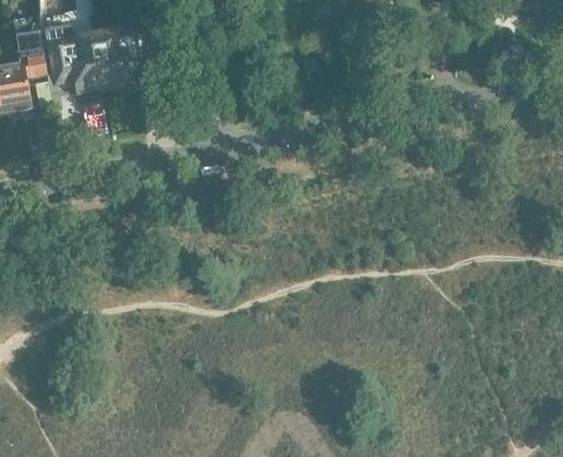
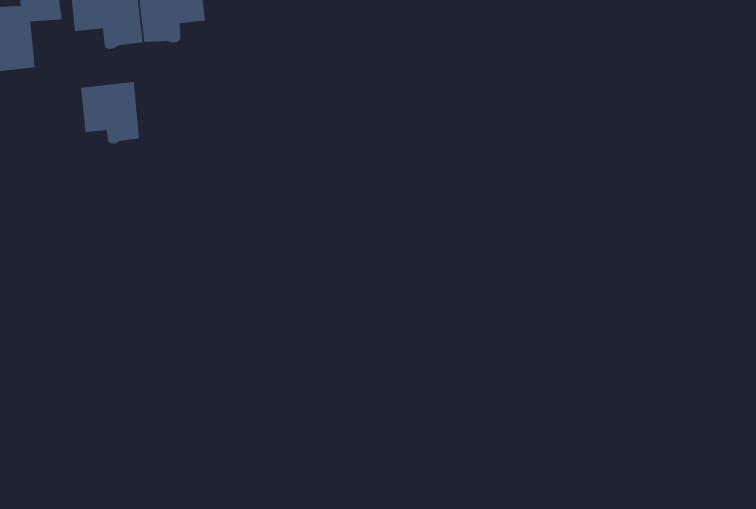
building: none -> [80,81,140,144]

